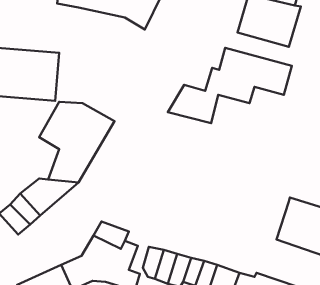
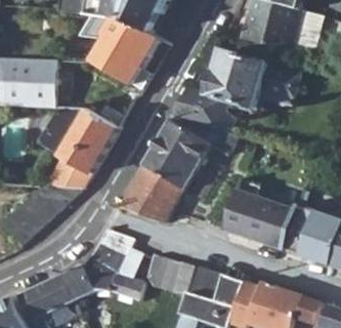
building: none -> [80,11,158,88]
building: none -> [118,118,237,221]
building: none -> [224,180,295,248]

